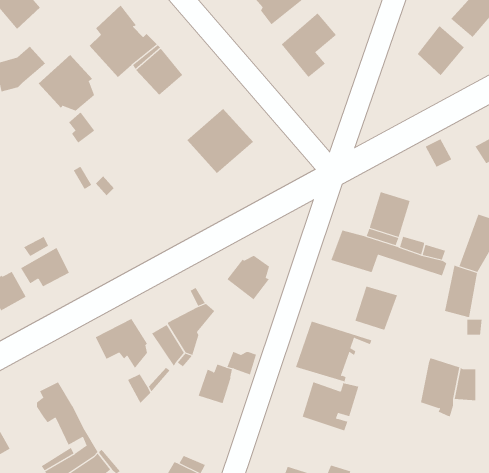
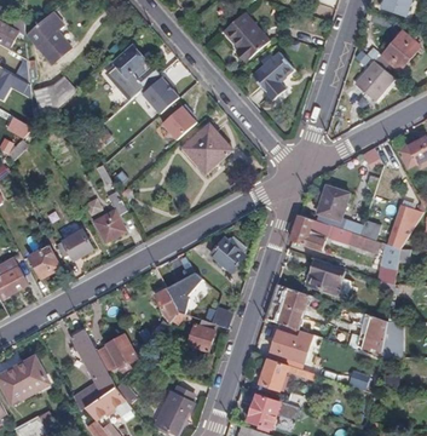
building: [38,54,95,112] -> none
building: none -> [161,107,195,142]
building: none -> [93,190,127,242]
building: [95,318,148,369] -> [96,334,135,373]
building: none -> [260,357,318,390]

